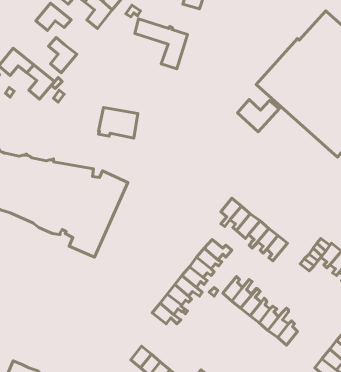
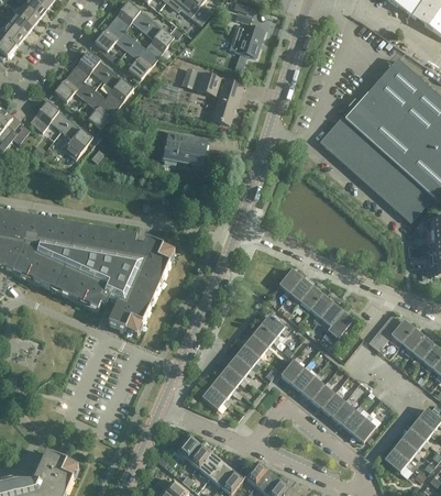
building: none -> [102,68,132,107]
building: none -> [53,69,93,101]
building: [237,100,279,132] -> none
building: [99,108,138,138] -> [163,132,207,166]
building: none -> [352,414,381,442]

